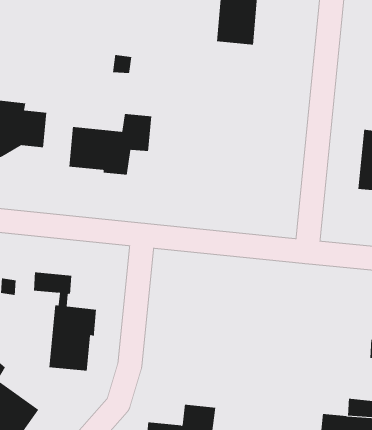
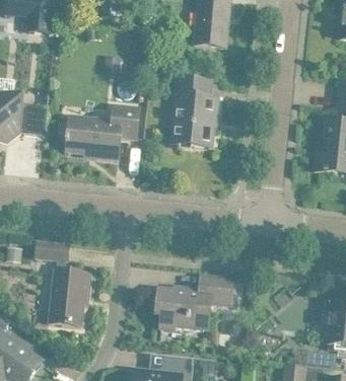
building: none -> [170,77,220,147]
building: none -> [156,275,233,329]

